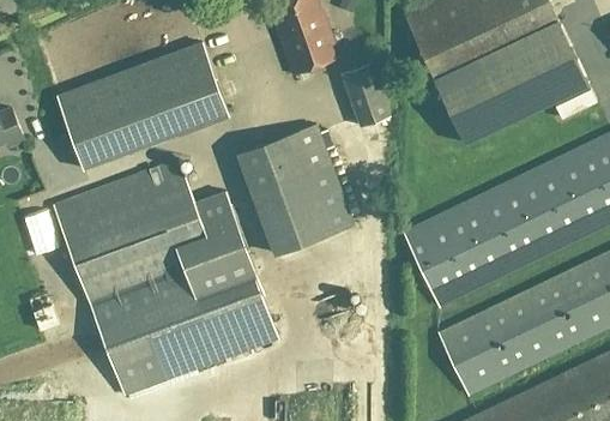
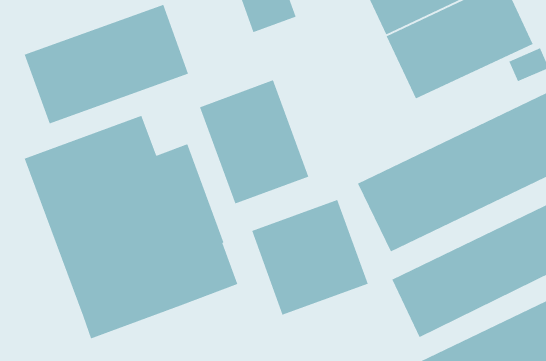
building: [339,62,389,127] -> none
building: none -> [252,199,368,316]

